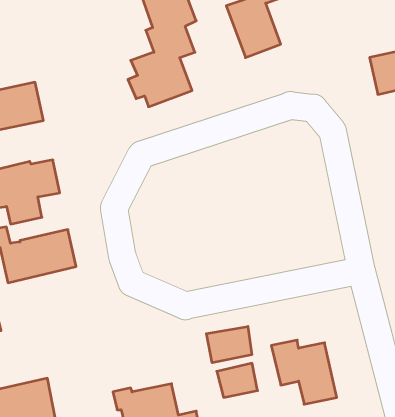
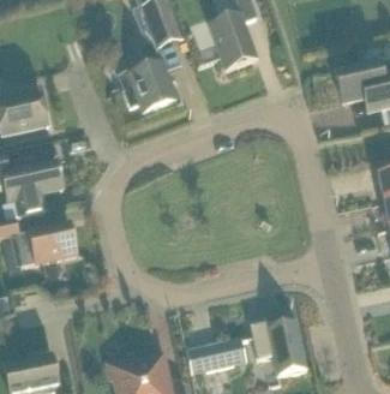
building: [206,326,252,363] -> none

